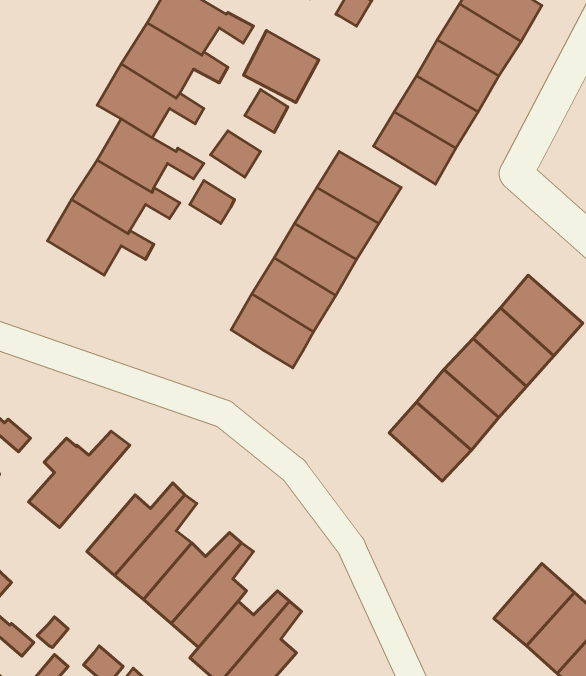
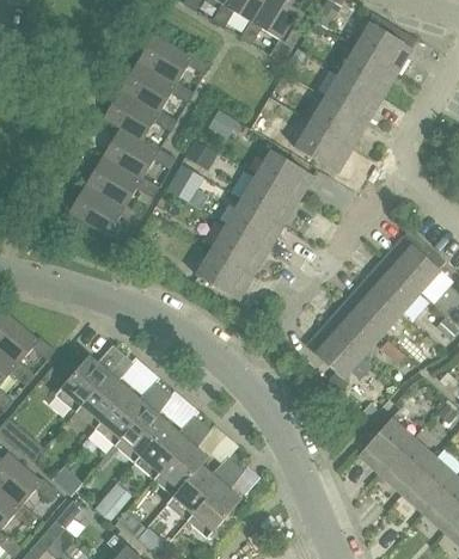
building: [244,31,319,103] -> none
building: none -> [76,354,133,428]
building: none -> [357,417,412,474]

